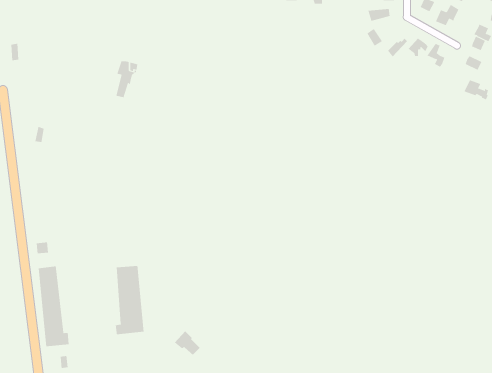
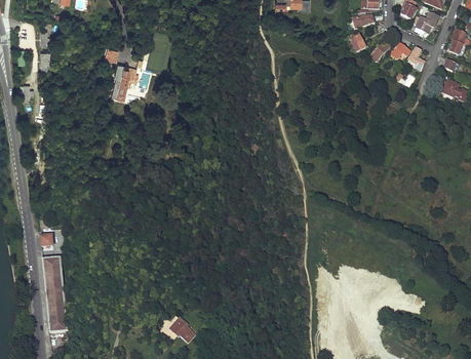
building: [115,265,144,335] -> none

